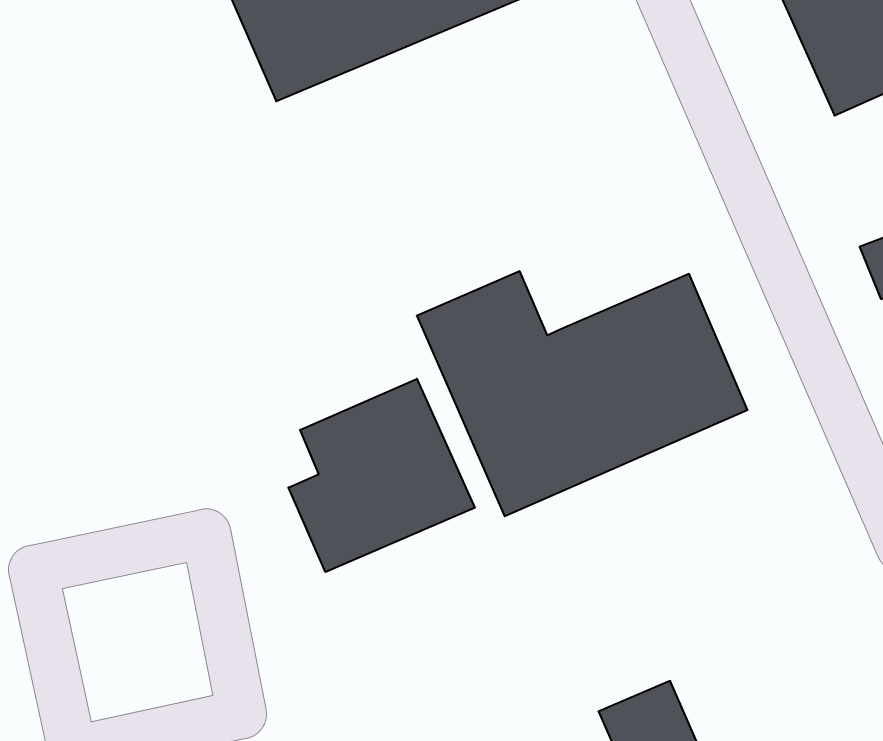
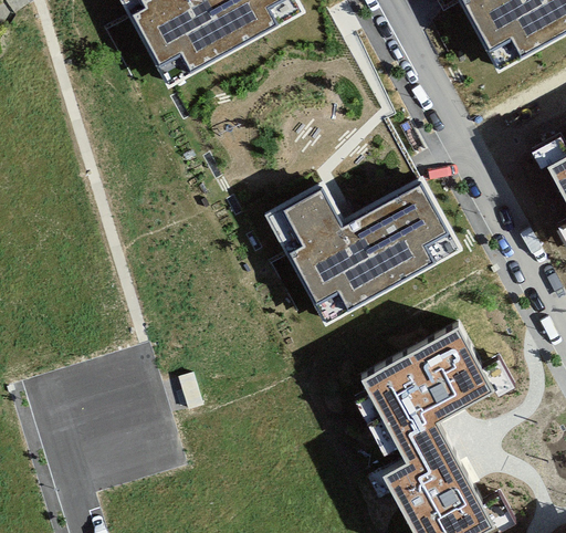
building: [288,379,475,572] -> none
building: none -> [357,317,492,438]

